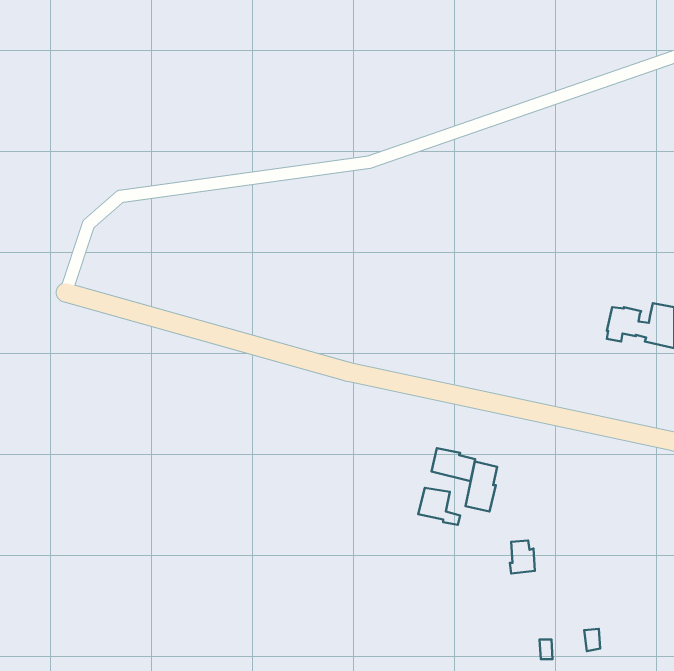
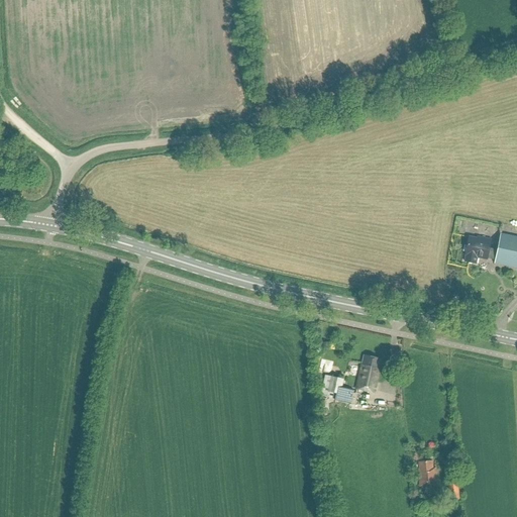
building: [431,448,475,481] -> none
building: [510,540,535,573] -> [418,459,437,485]

